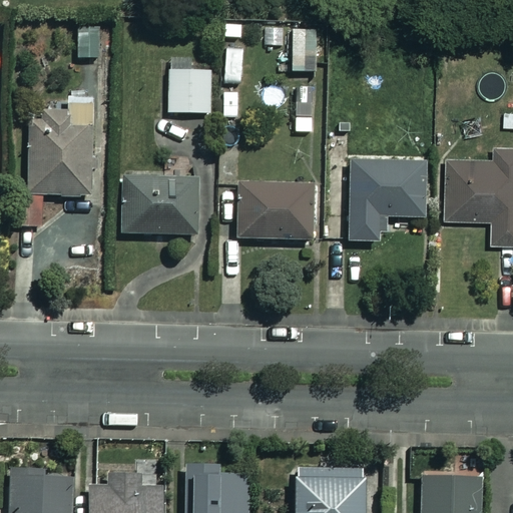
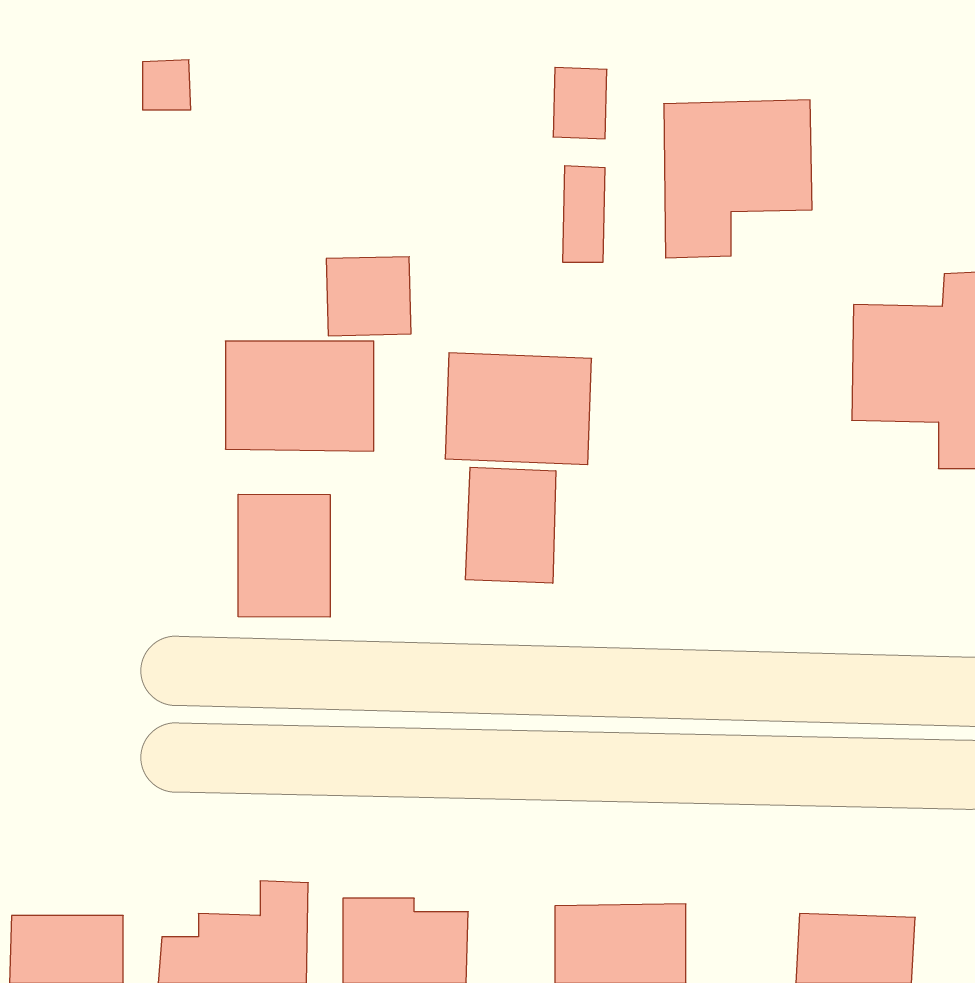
building: [169,72,213,113] -> [326,257,411,336]
building: [13,99,93,226] -> none
building: [347,160,424,242] -> [664,100,812,258]
building: none -> [466,467,556,583]
building: none -> [238,494,330,617]

